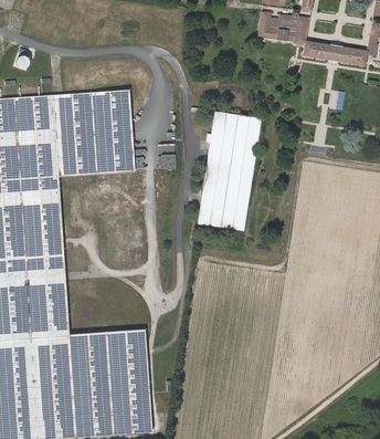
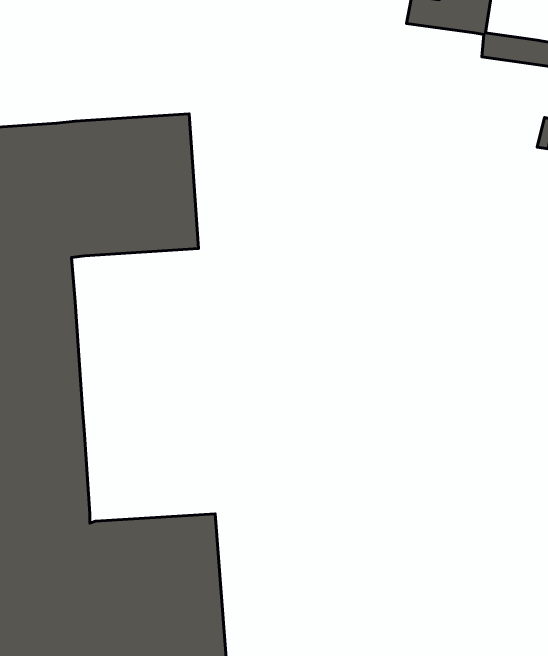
building: [199,112,258,229] -> none

